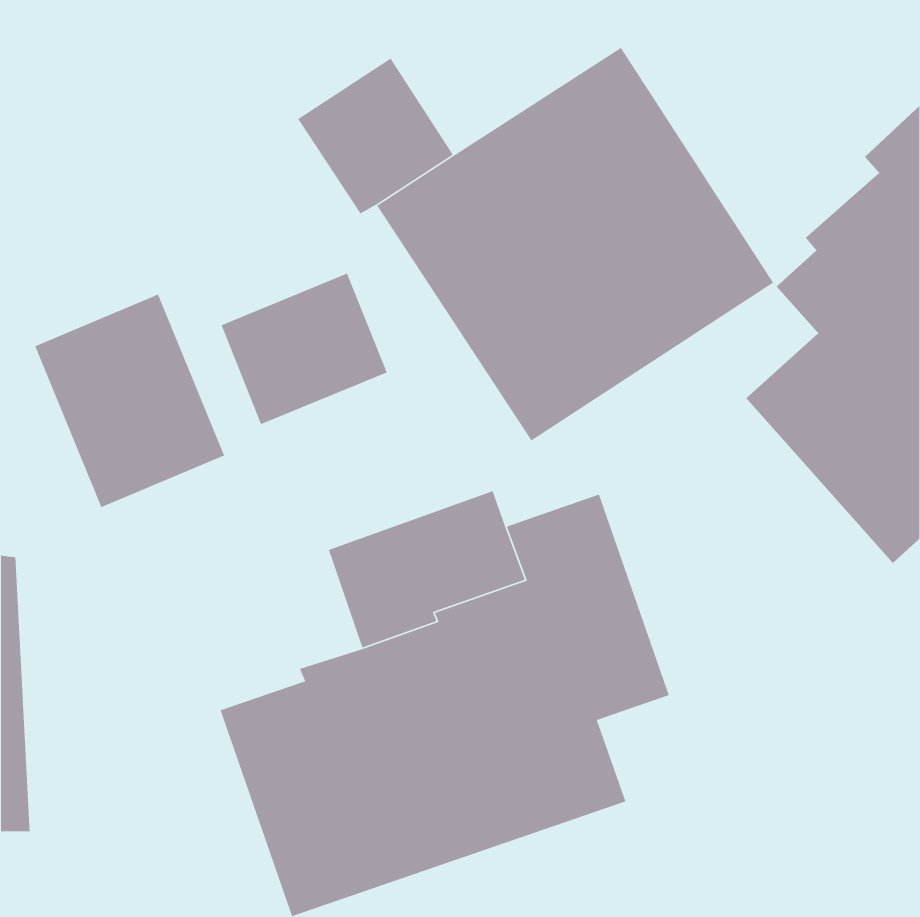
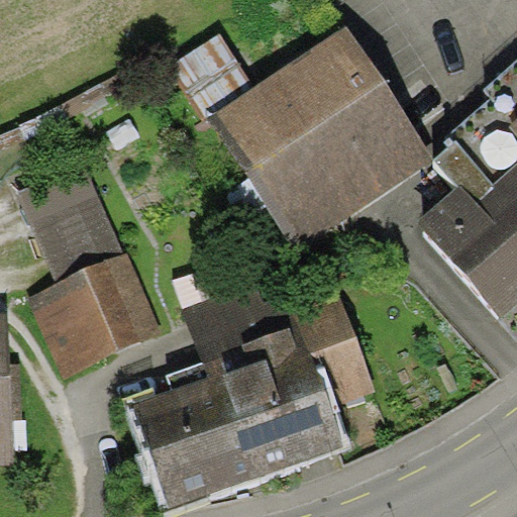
building: [220,273,388,425] -> none
building: none -> [28,257,164,380]

